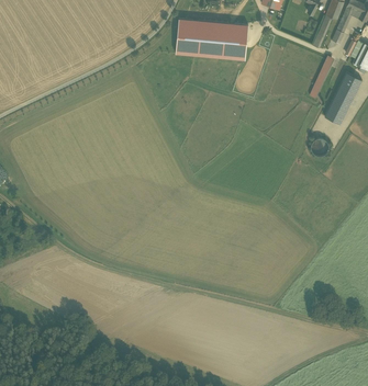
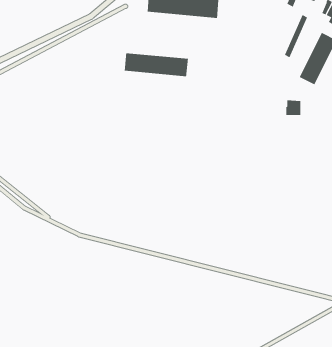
building: none -> [124,52,188,77]

